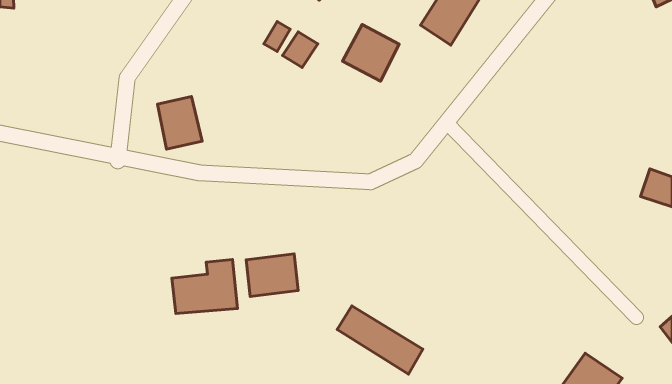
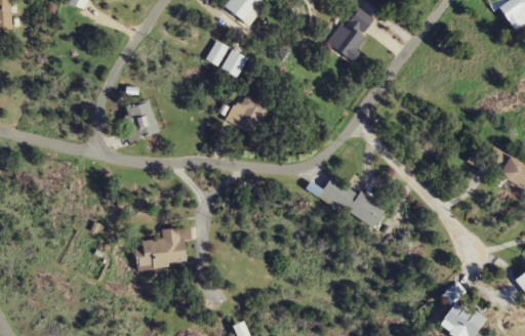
building: [342,24,399,81] -> [227,91,271,135]
building: [246,254,298,297] -> none
building: [337,306,423,374] -> [320,174,387,227]

